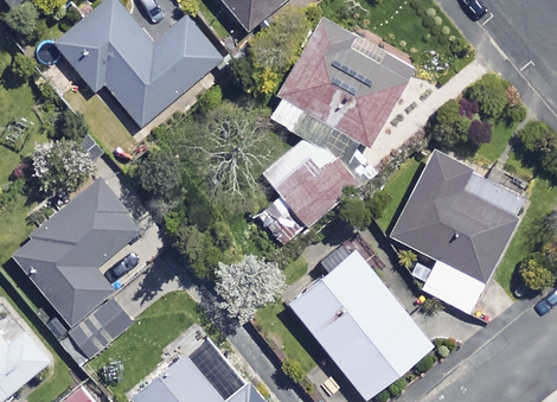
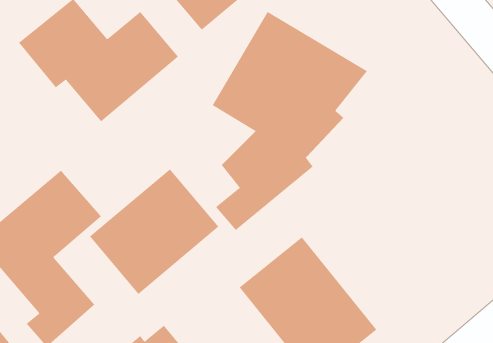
building: [392,152,526,314] -> none
building: none -> [89,168,219,295]

